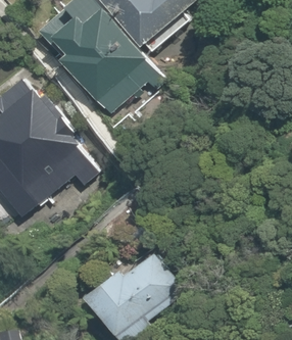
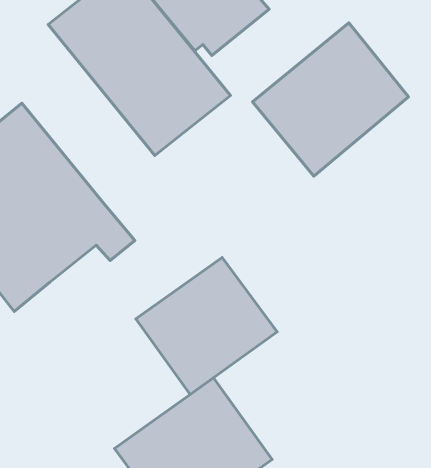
building: none -> [252,23,408,176]
building: none -> [136,258,277,394]

